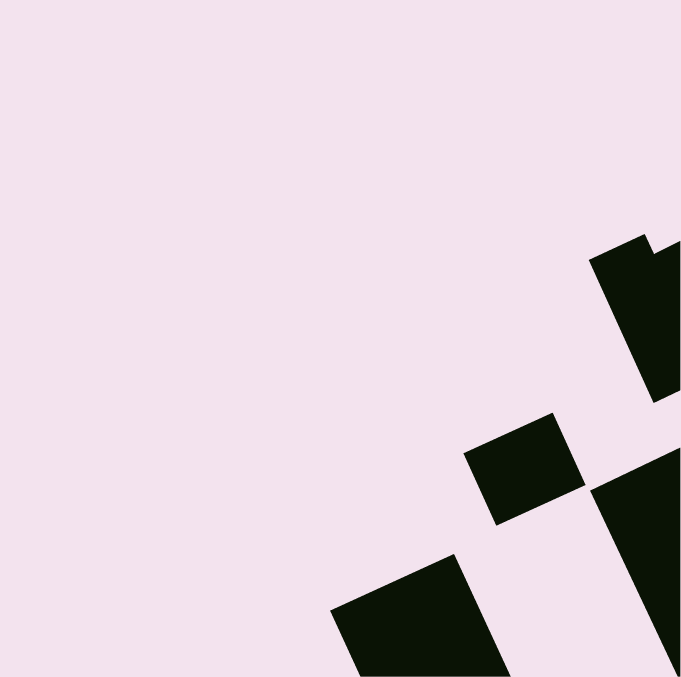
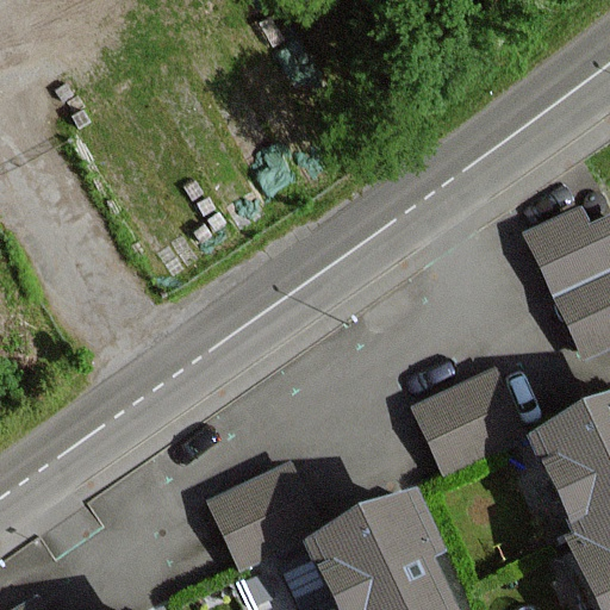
building: none -> [210,465,317,564]

